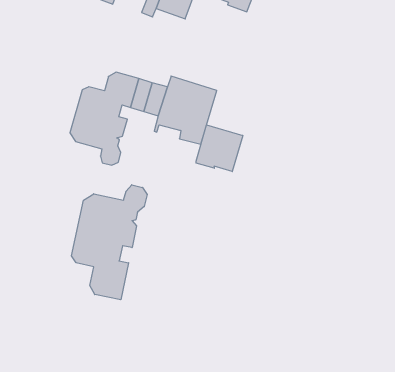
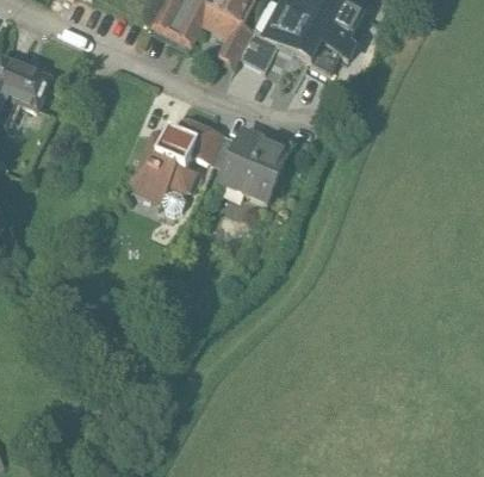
building: [196,125,243,172] -> none
building: [71,185,147,300] -> none

